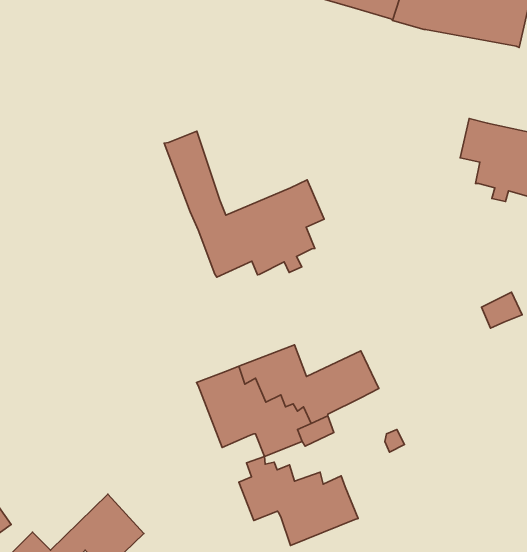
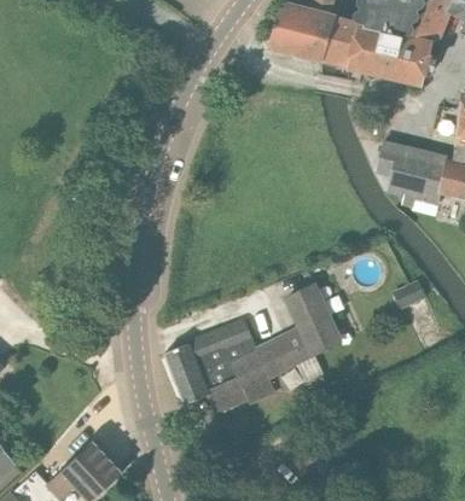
building: [164,131,324,277] -> none
building: none -> [283,282,342,356]
building: [239,457,358,545] -> none

